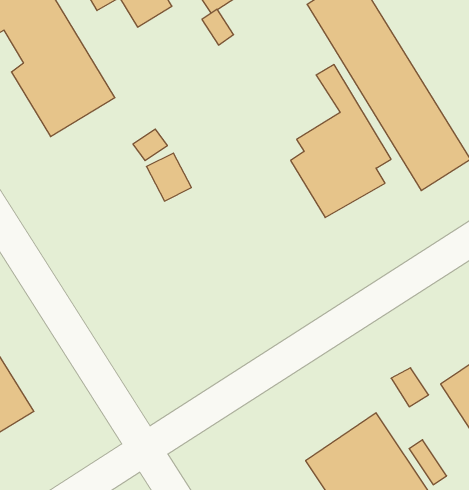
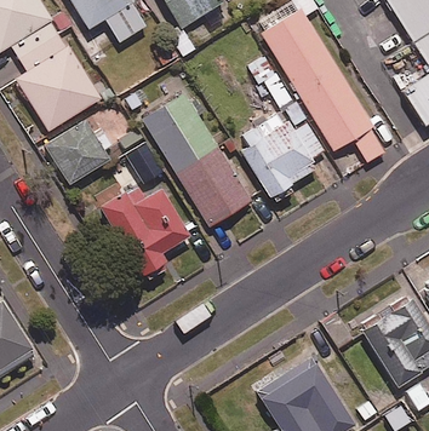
building: none -> [142,93,251,228]
building: none -> [45,120,109,184]
building: none -> [98,186,190,277]

